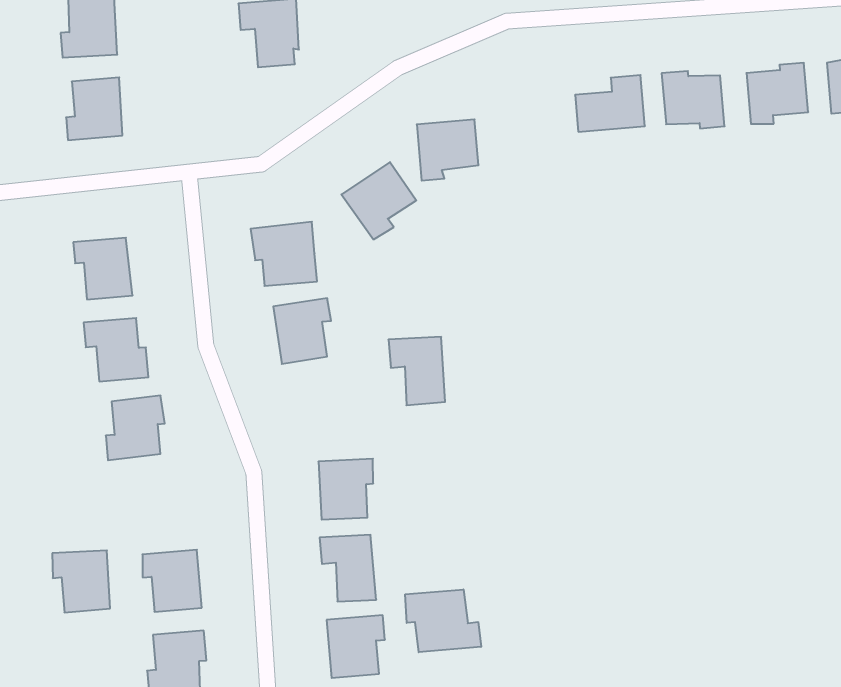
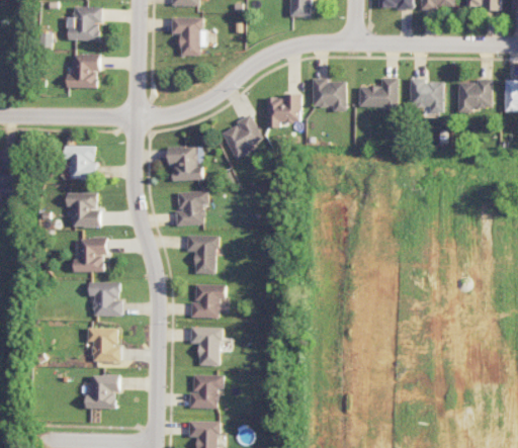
building: none -> [312,78,345,111]
building: [388,337,445,405] -> [186,235,217,273]
building: [52,550,110,612] -> [88,281,120,316]
building: [405,589,481,652] -> none

